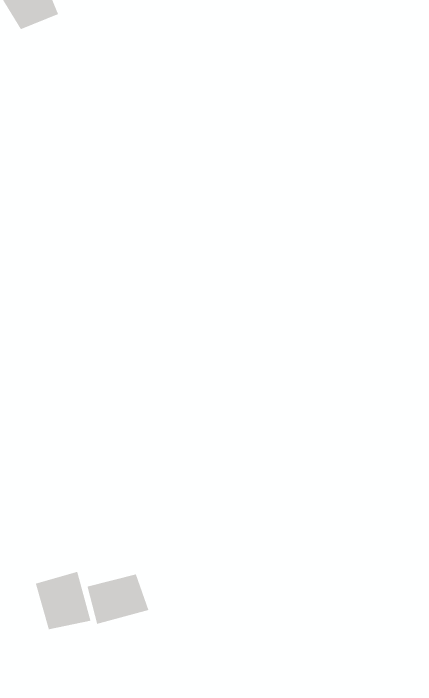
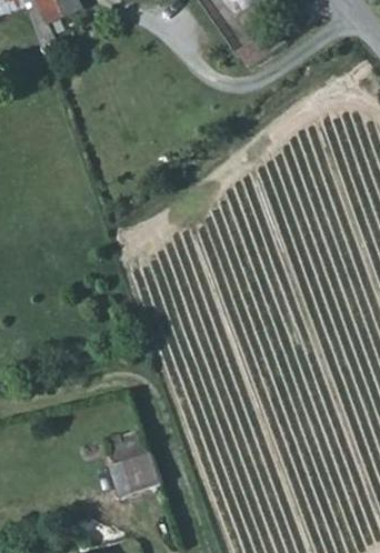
building: [35,571,91,630] -> none

